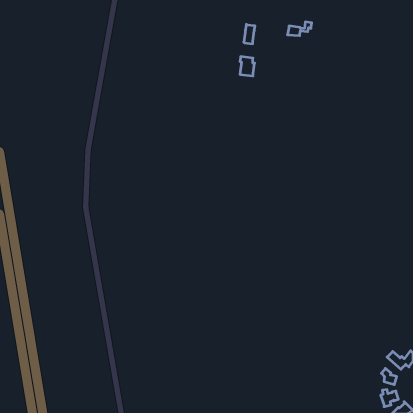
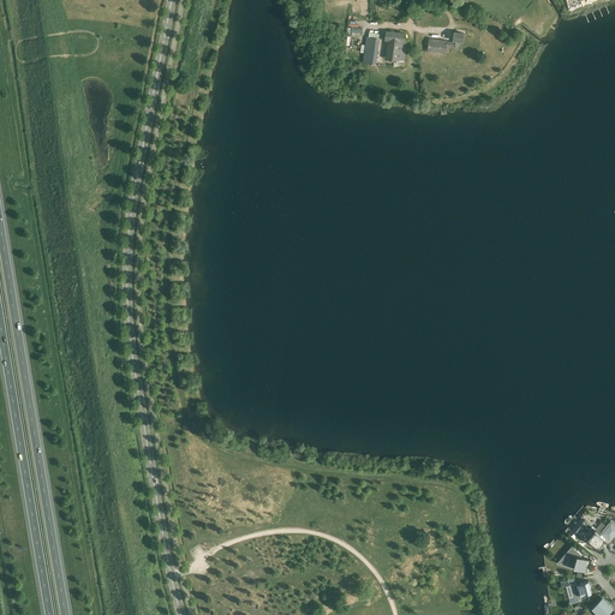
building: [240,57,255,76] -> [384,32,406,61]

